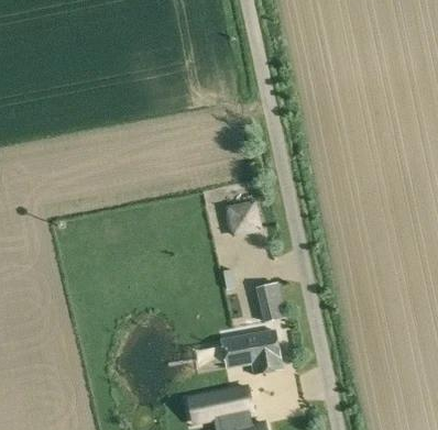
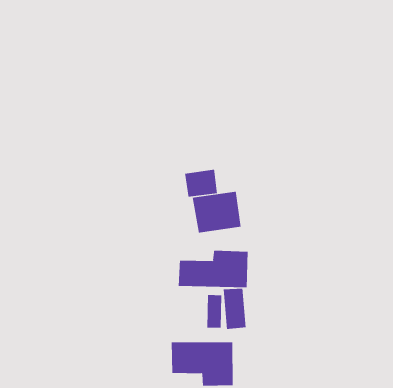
building: none -> [184,169,218,198]
building: none -> [178,250,248,288]

